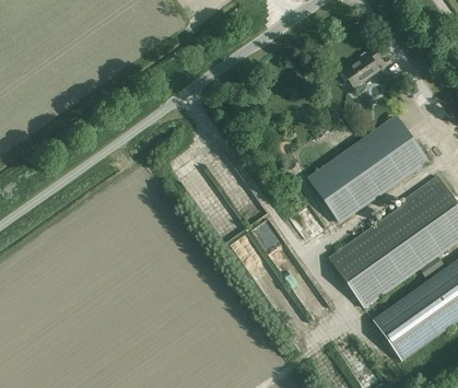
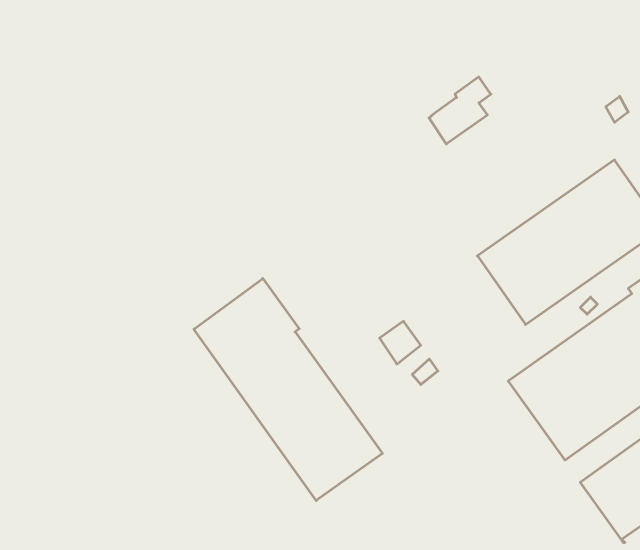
building: [342,45,381,87] -> [429,77,491,144]
building: none -> [194,278,382,501]

